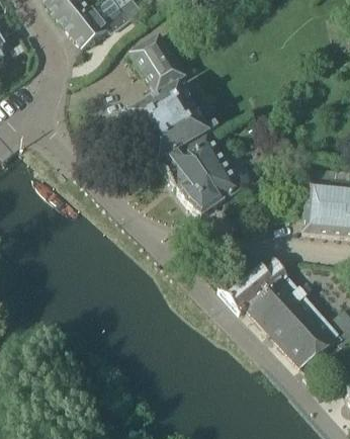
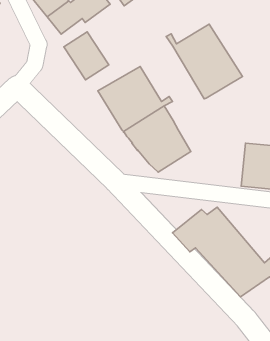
building: [129,33,184,92] -> [64,32,109,80]
building: none -> [166,24,243,99]

